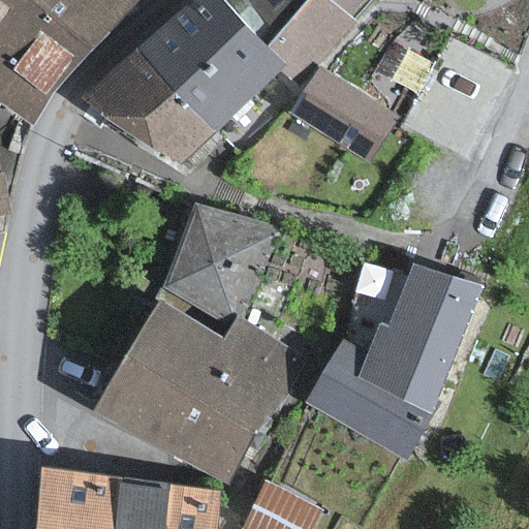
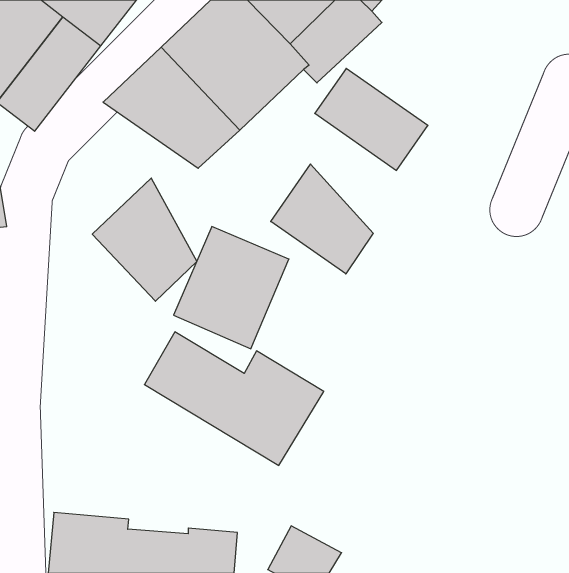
building: none -> [271,164,373,274]
building: none -> [92,178,197,301]
building: [314,263,477,446] -> none
building: [102,354,257,480] -> none

